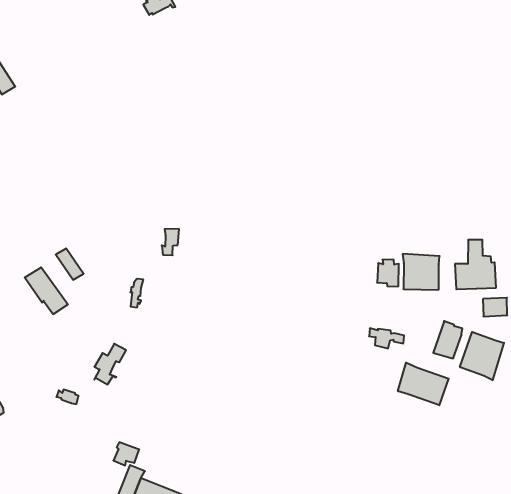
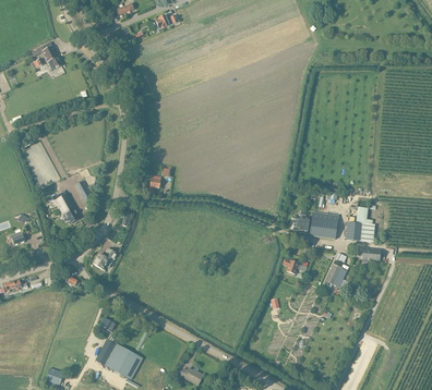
building: [460,332,504,380] -> none
building: [398,363,449,405] -> none

